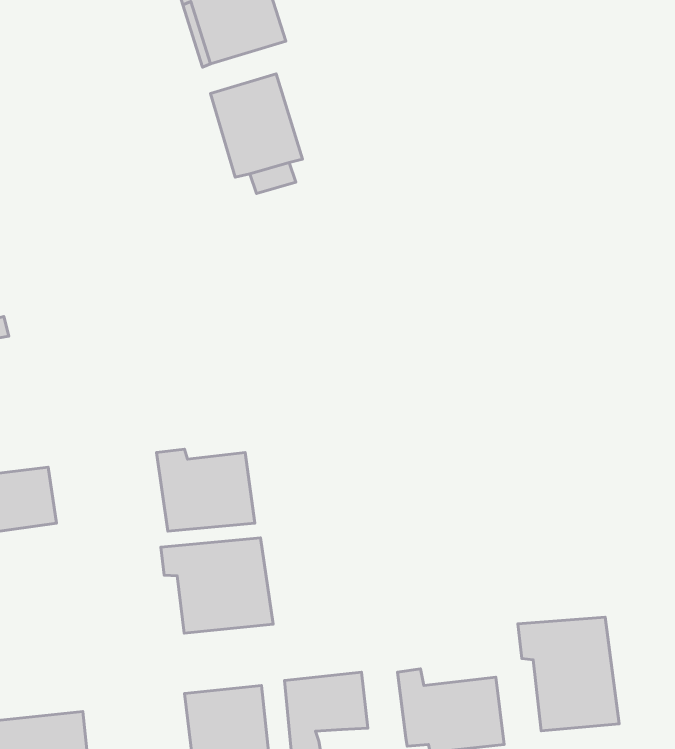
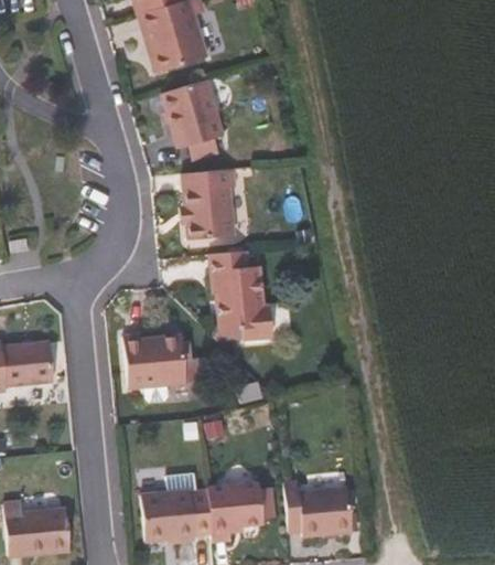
building: none -> [182,169,236,239]
building: none -> [208,252,266,329]
building: [161,538,273,633] -> none
building: [518,617,619,731] -> none

